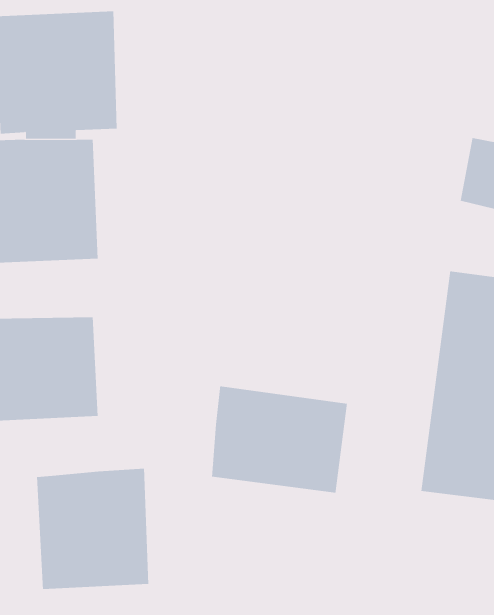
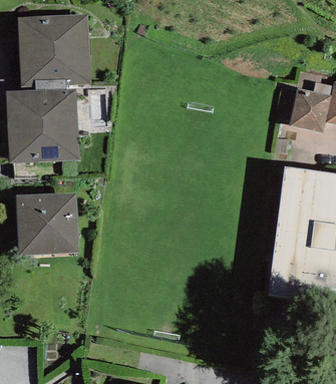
building: [212,385,348,494] -> none
building: [37,468,149,590] -> none

